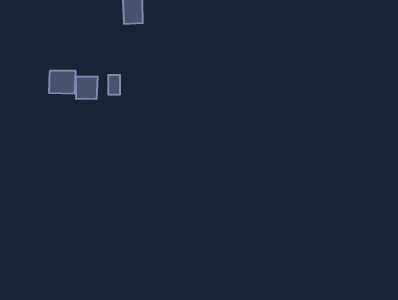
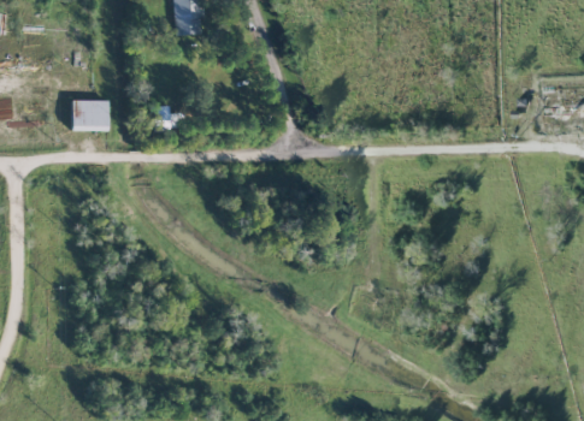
building: [76,76,97,99] -> none

